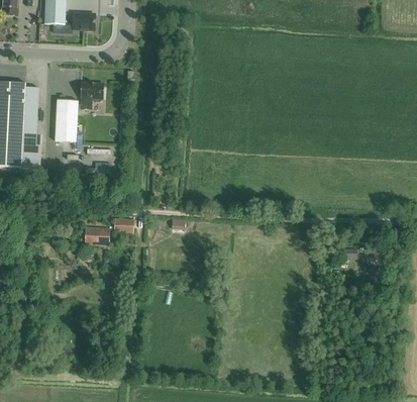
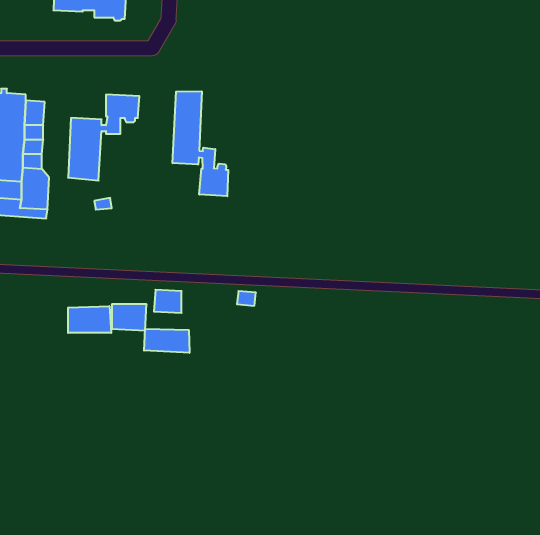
building: none -> [173,91,228,196]
building: none -> [68,306,111,333]
building: none -> [144,329,189,353]

